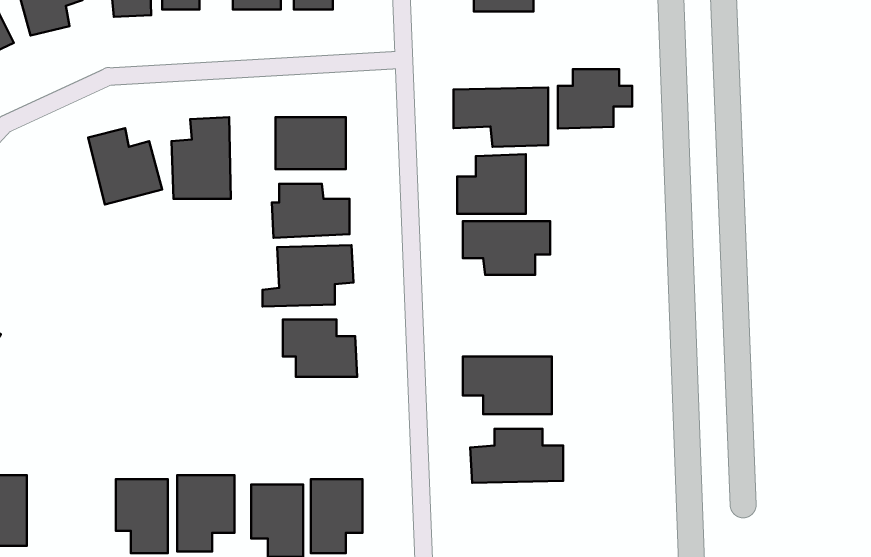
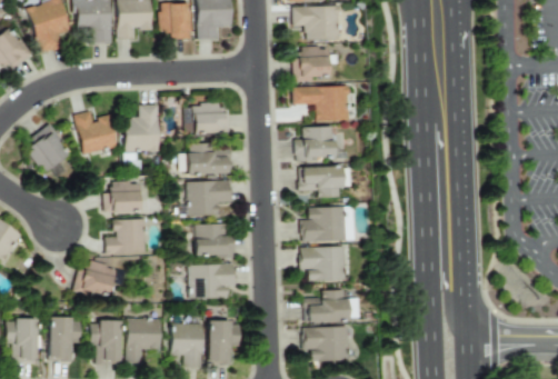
building: [558,69,632,129] -> [293,47,338,82]
building: none -> [28,123,73,174]
building: none -> [103,182,140,212]
building: none -> [300,206,355,242]
building: none -> [107,219,147,253]
building: none -> [73,260,119,300]
building: none -> [190,263,236,299]
building: none -> [49,317,80,361]
building: none -> [303,326,349,362]

